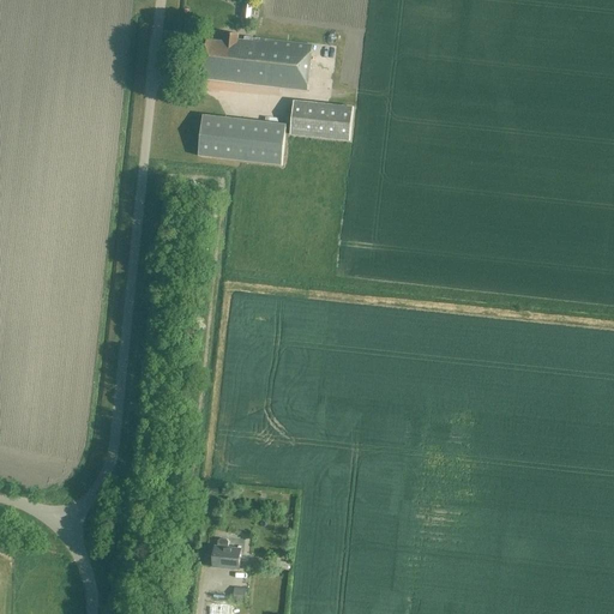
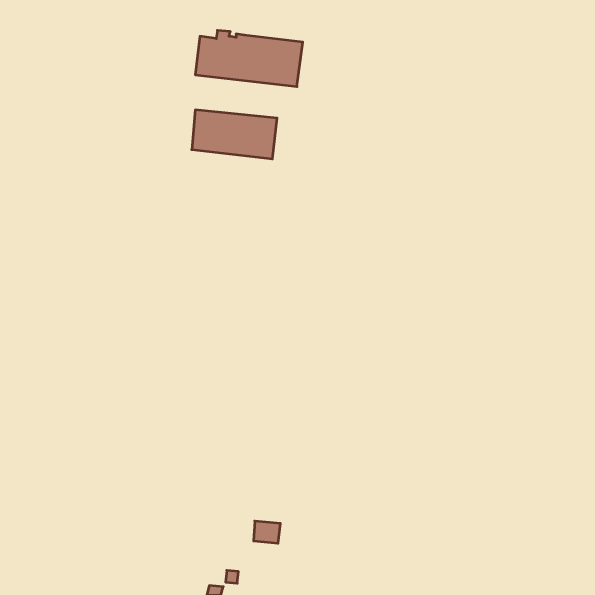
building: [288,98,351,139] -> none
building: [212,544,240,567] -> [254,521,280,543]

